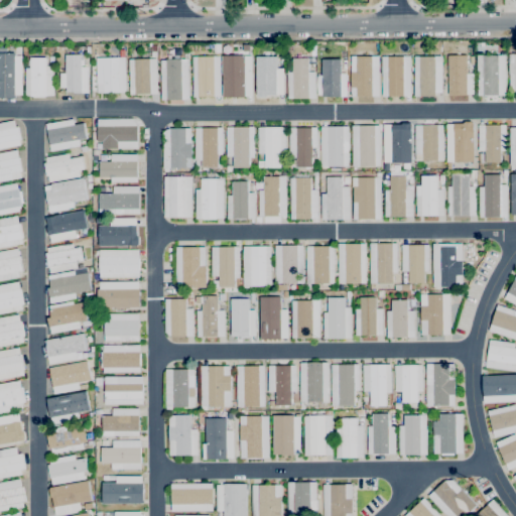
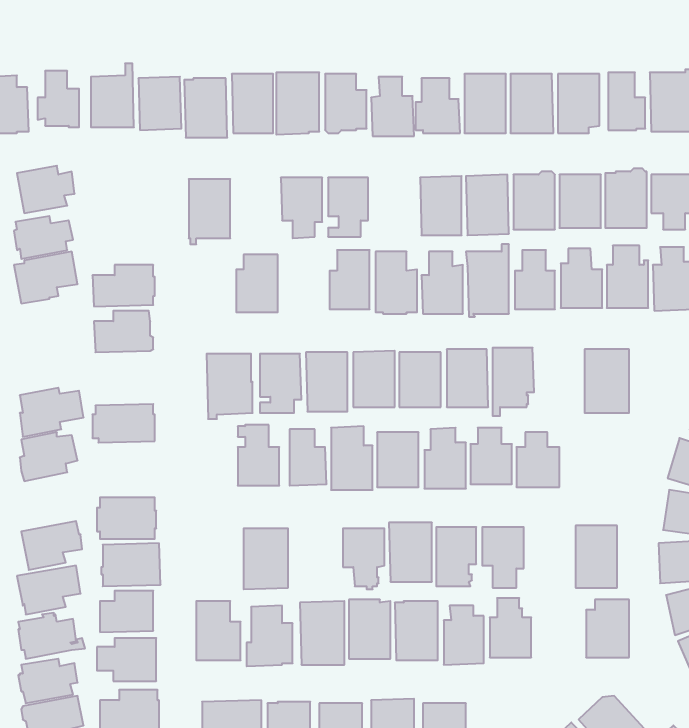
building: [97,119,138,148] -> none
building: [195,127,223,168] -> none
building: [289,127,317,168] -> none
building: [99,154,138,182] -> none
building: [164,176,192,218] -> none
building: [227,181,255,219] -> none
building: [45,211,88,243] -> none
building: [45,243,85,273] -> none
building: [401,245,429,283] -> none
building: [99,250,140,278] -> none
building: [420,289,450,335] -> none
building: [164,299,194,337] -> none
building: [105,313,139,342] -> none
building: [46,333,87,365] -> none
building: [395,365,423,403] -> none
building: [237,366,265,407] -> none
building: [165,369,195,407] -> none
building: [399,415,427,456] -> none

